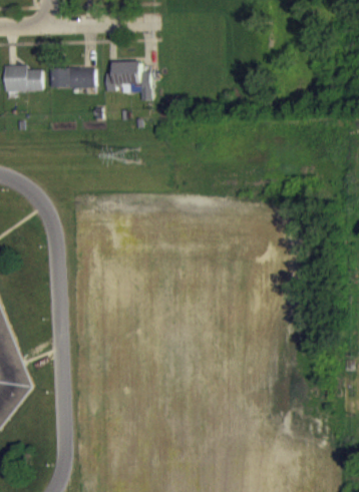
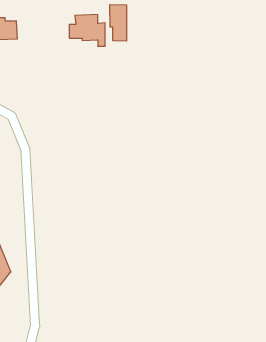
building: none -> [110,5,126,41]
building: [49,67,92,88] -> none

